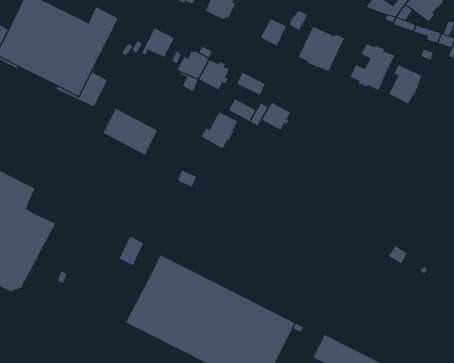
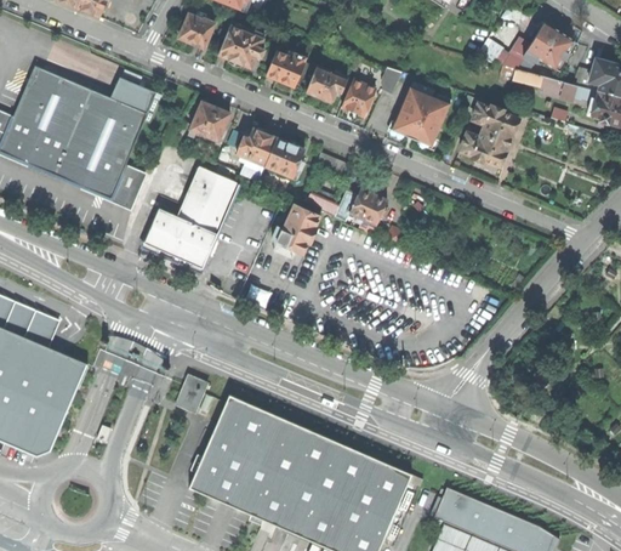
building: none -> [306,66,347,102]
building: [389,64,422,104] -> none
building: none -> [177,166,239,234]

